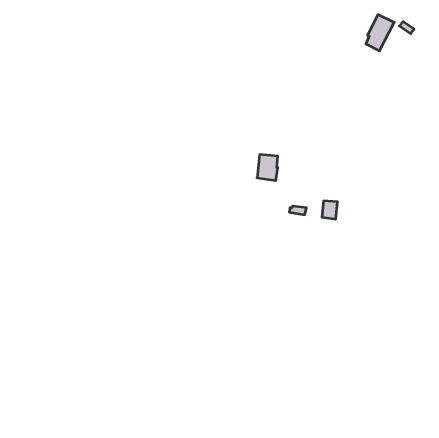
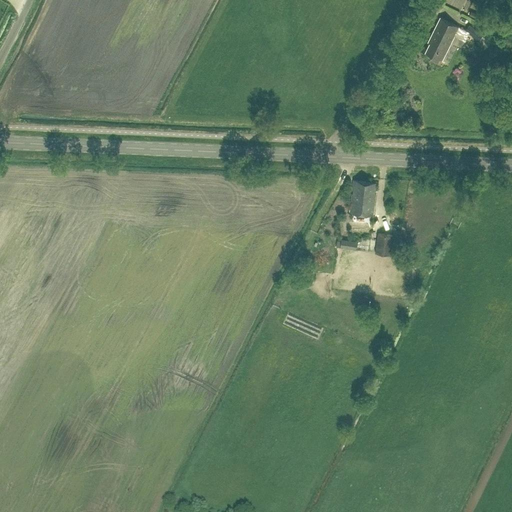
building: [257,155,278,180] -> [350,183,374,213]

